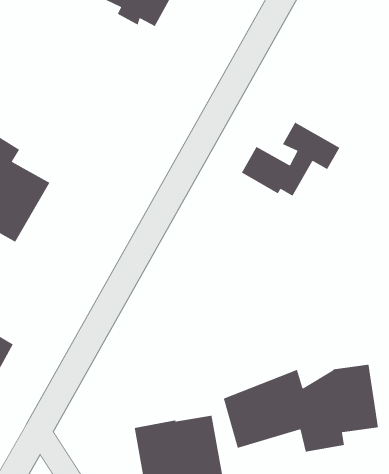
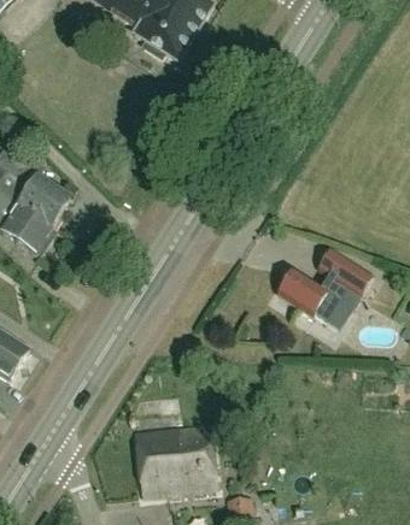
building: [241,122,340,197] -> [280,249,374,319]
building: [223,364,379,453] -> none

